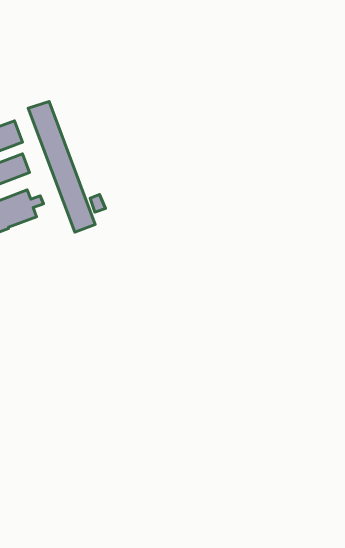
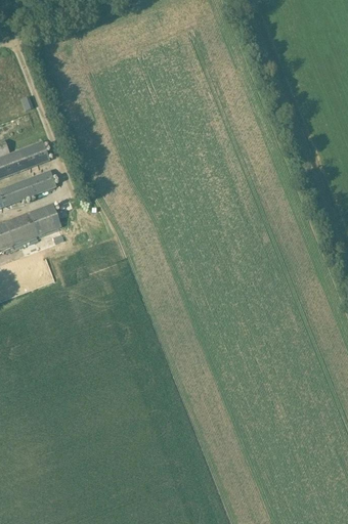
building: [28,102,95,232] -> none

